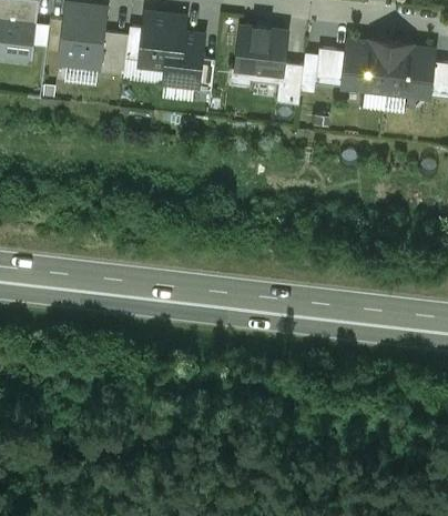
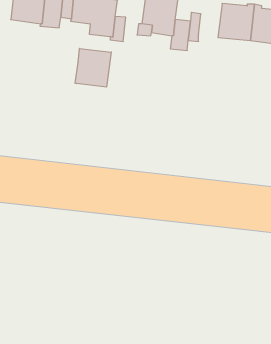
building: [315,48,346,87] -> none
building: none -> [75,48,111,87]

